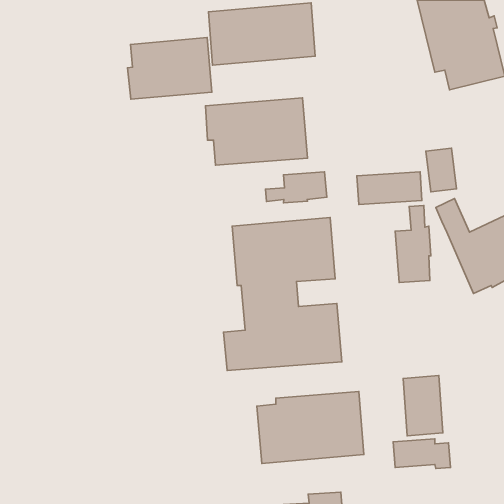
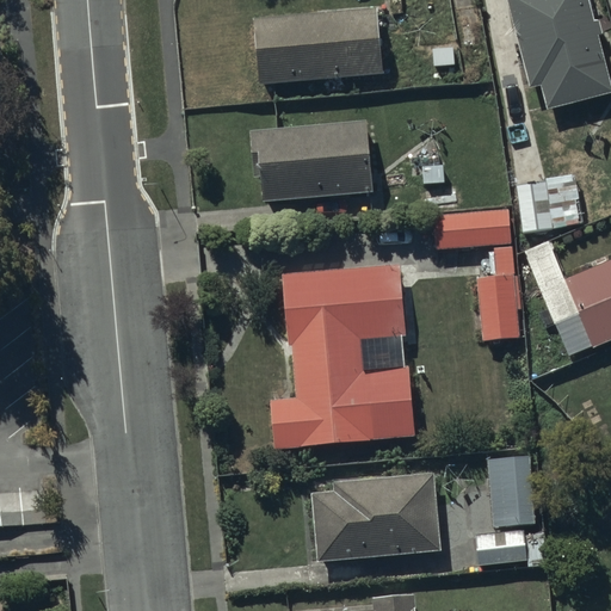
building: [128,37,212,99] -> none
building: [266,172,327,203] -> none

